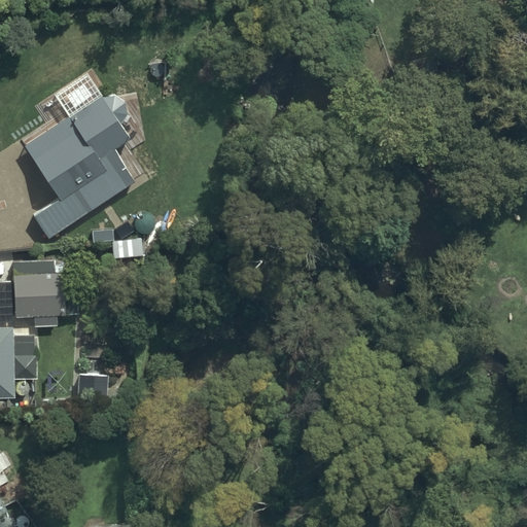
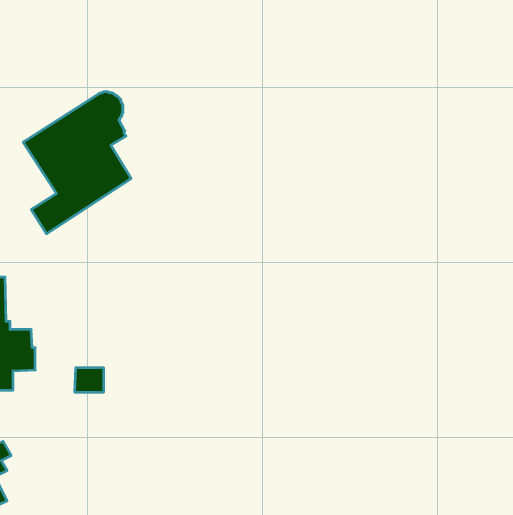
building: [12,273,63,318] -> none

